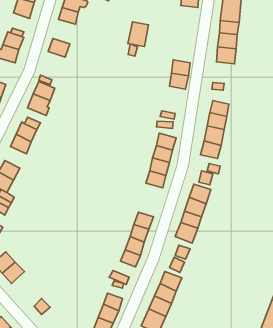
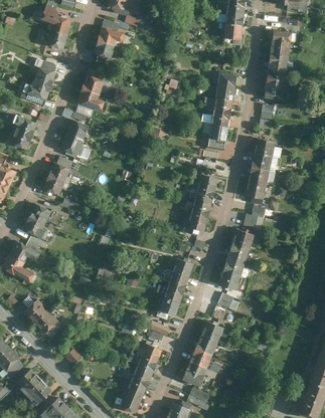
building: [128,22,148,46] -> [215,71,237,97]
building: none -> [76,85,105,109]
building: none -> [206,123,228,150]

